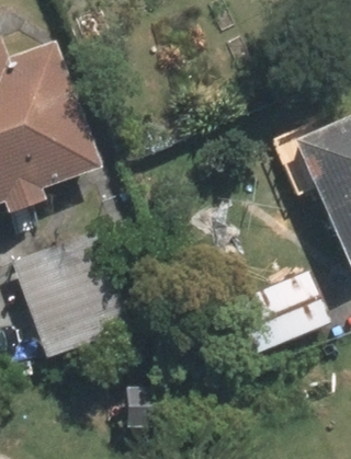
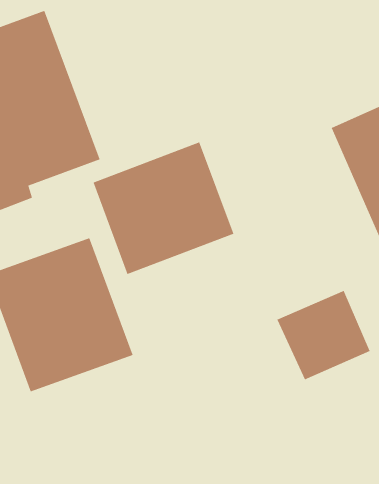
building: none -> [93,142,234,275]

